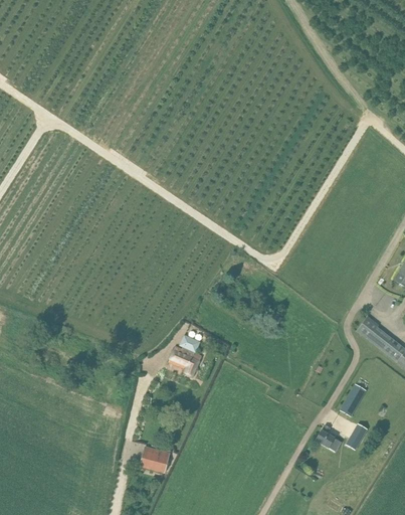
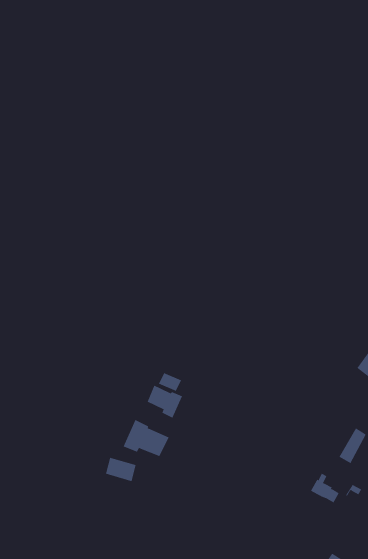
building: none -> [123,419,169,457]
building: [141,450,169,472] -> [105,457,137,482]

